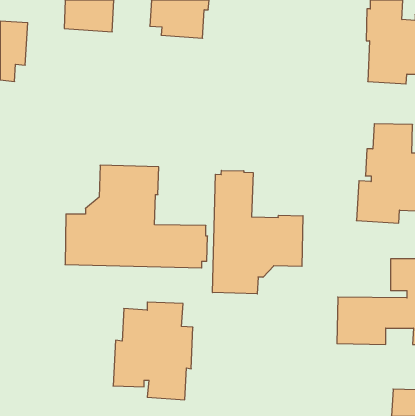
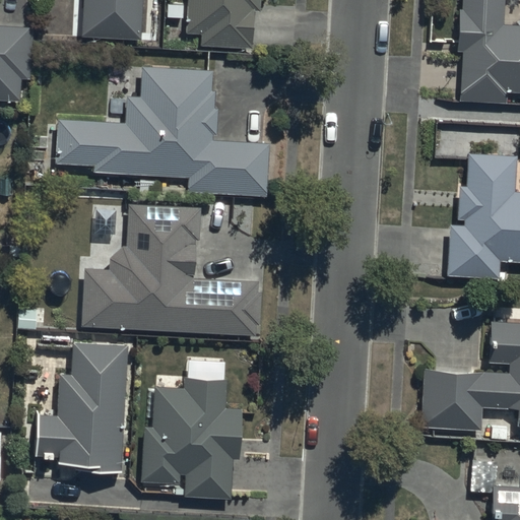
building: none -> [55,67,274,199]
building: [213,170,303,294] -> none
building: none -> [37,344,125,472]

